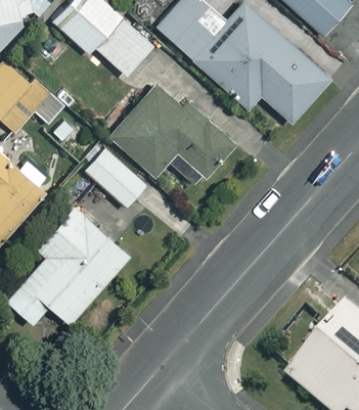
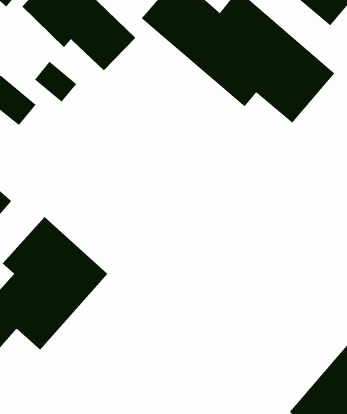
building: [107,84,233,186] -> none
building: [83,147,145,207] -> none

